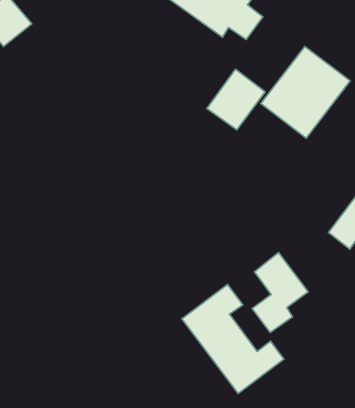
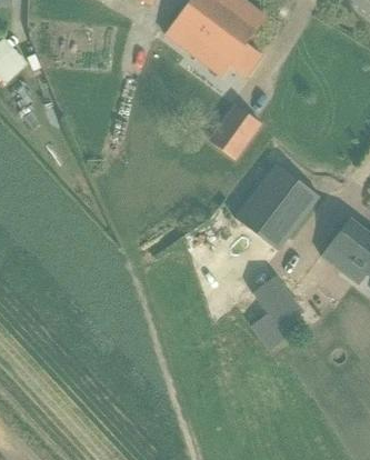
building: [261,46,350,138] -> [236,164,319,250]
building: [182,285,284,393] -> none

